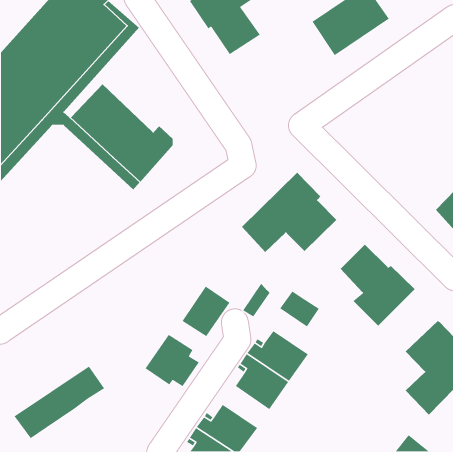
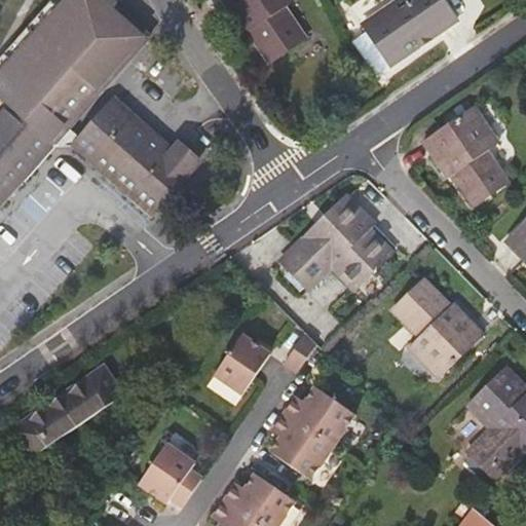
building: none -> [421,111,504,208]
building: [279,290,320,327] -> none
building: [145,334,200,387] -> [138,439,201,500]
building: [13,365,105,439] -> [13,365,119,450]

